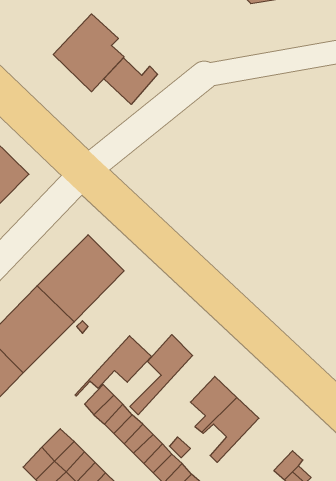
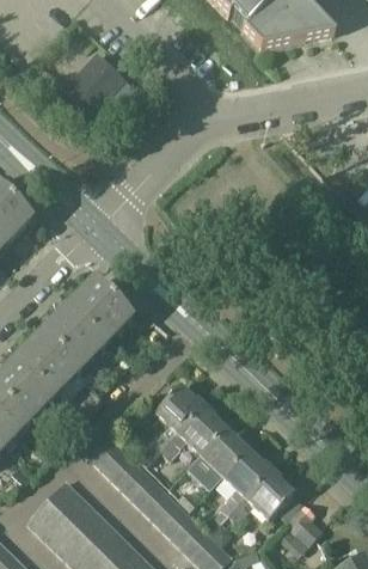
building: [104,58,158,104] -> none
building: [75,336,152,396] -> [143,404,222,466]
building: none -> [225,469,292,521]

